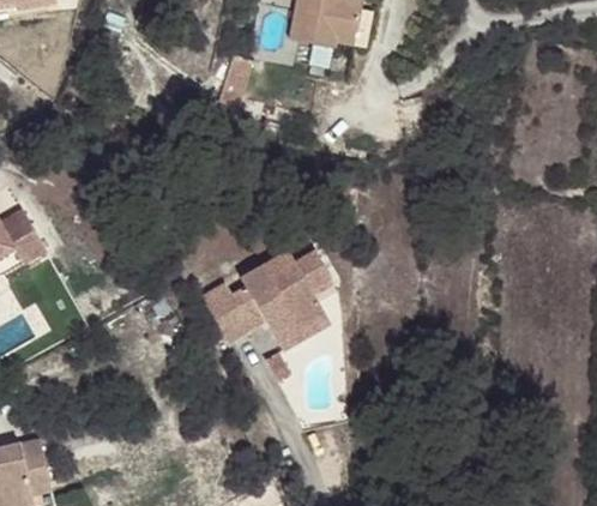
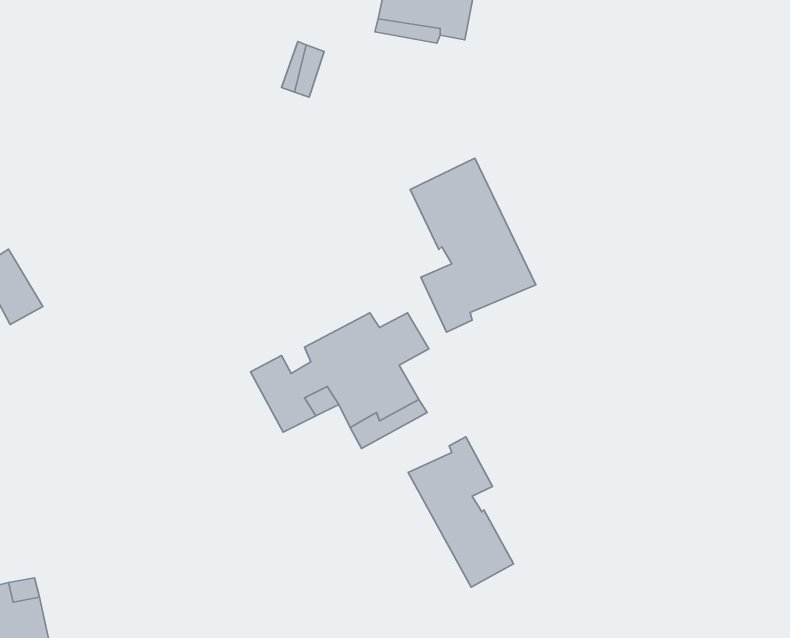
building: none -> [410,158,536,332]
building: none -> [408,437,514,587]

